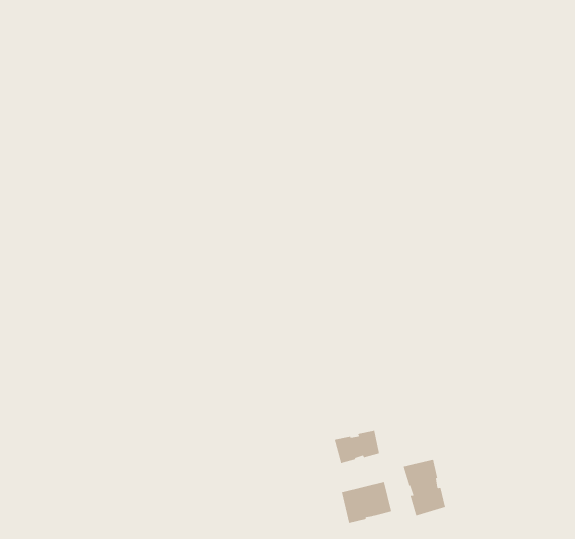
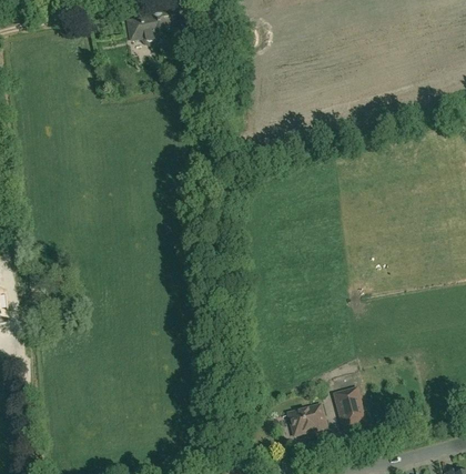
building: [334,430,379,464] -> none

